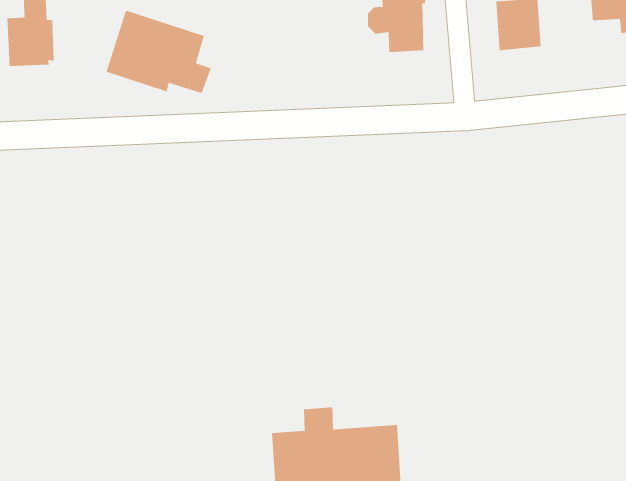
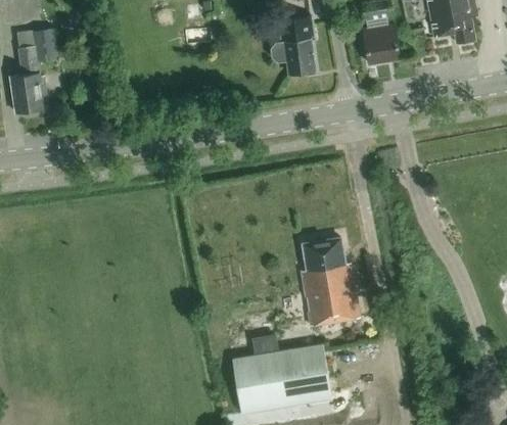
building: [106,10,211,94] -> none
building: none -> [301,238,360,326]

